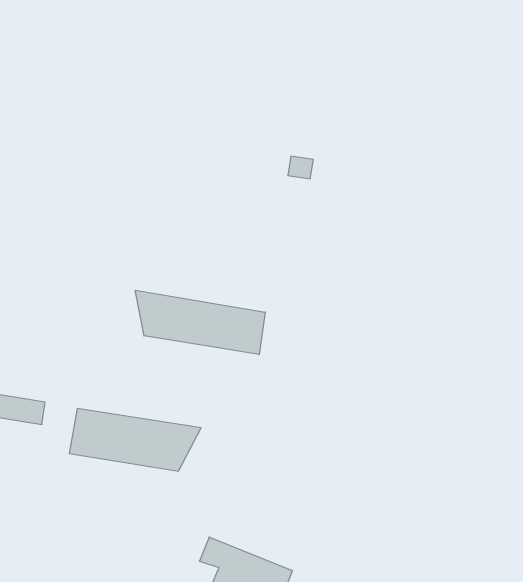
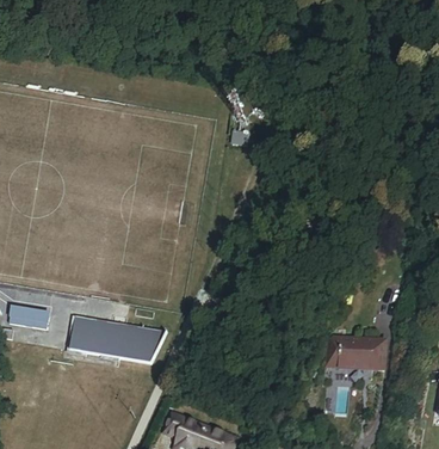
building: [135,290,265,355] -> none
building: none -> [327,334,385,368]

